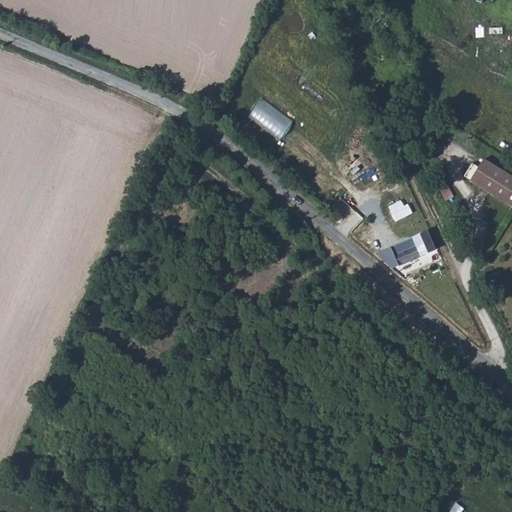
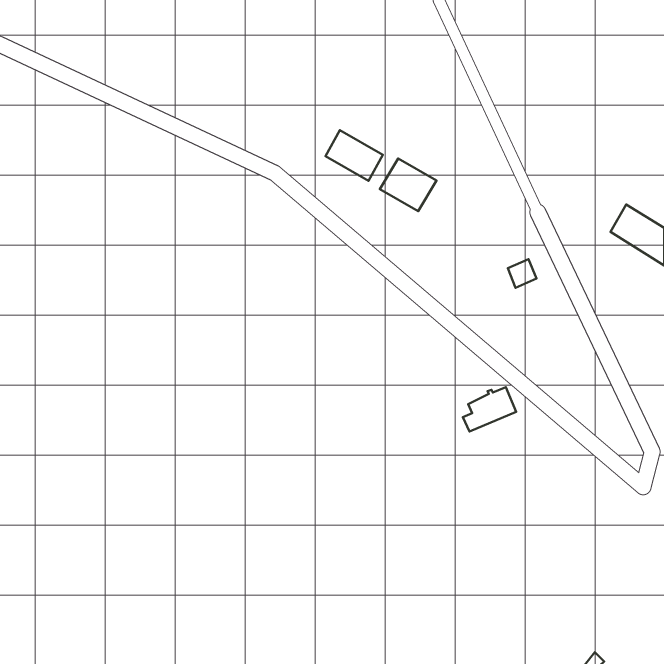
building: none -> [380,158,436,211]
building: [393,231,434,265] -> [463,387,516,431]

